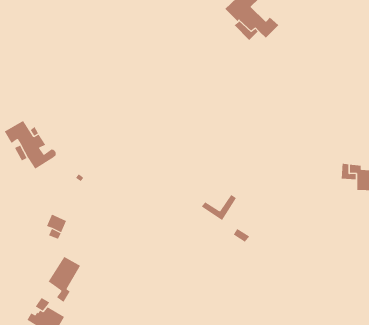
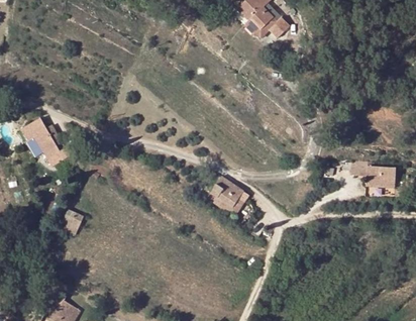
building: none -> [211,177,243,207]
building: [48,256,81,303] -> none

